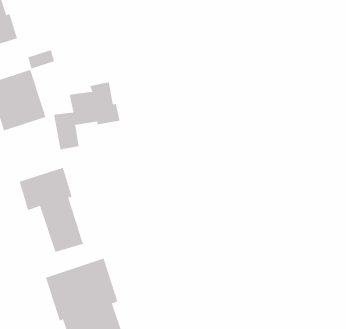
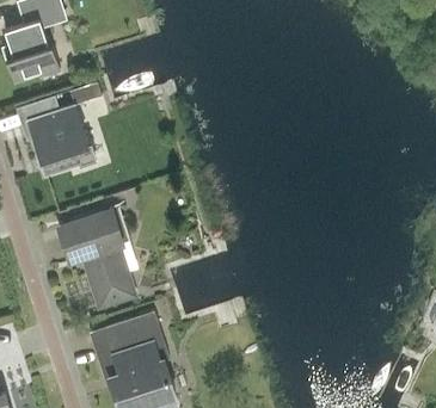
building: [54,82,120,150] -> none

